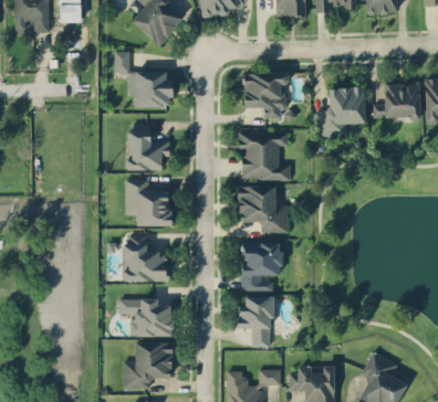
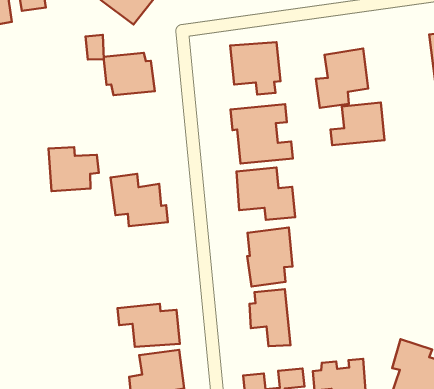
building: [373,84,420,118] -> [331,103,385,145]
building: [126,130,170,170] -> [48,147,99,191]
building: [123,234,167,282] -> none

